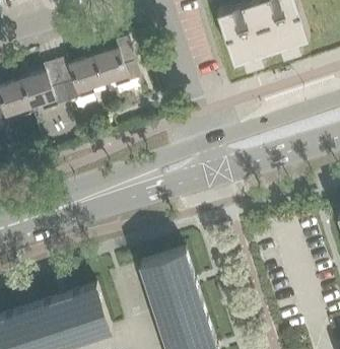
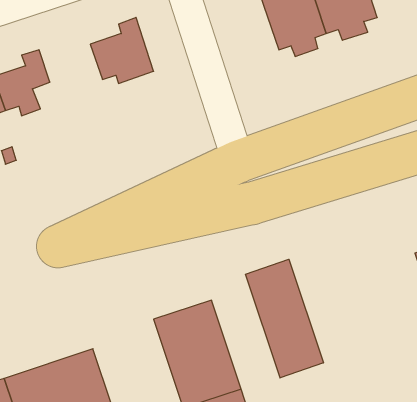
building: [53,57,100,97] -> none
building: none -> [246,259,323,378]

